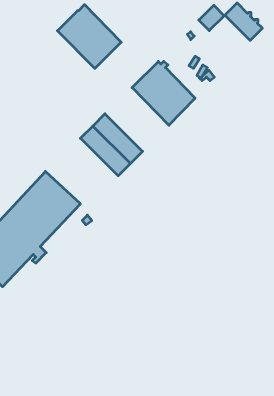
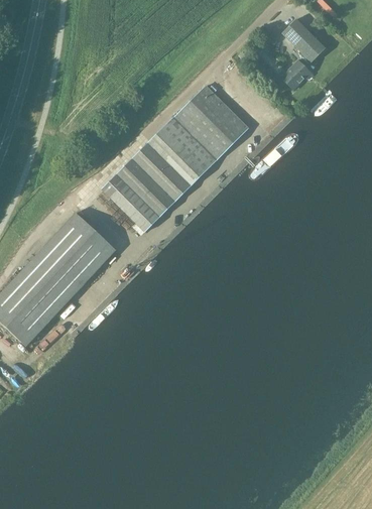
building: [57,5,121,68] -> [143,116,217,189]
building: [199,5,224,31] -> [280,60,309,90]
building: none -> [101,174,158,232]

